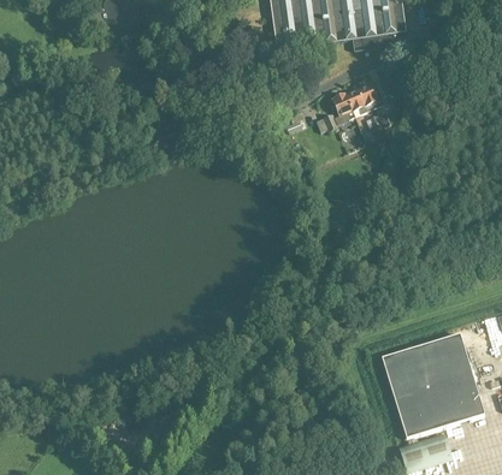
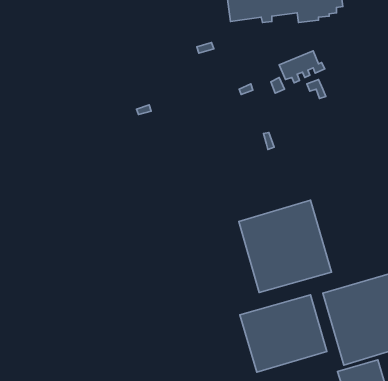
building: none -> [239,200,331,292]
building: none -> [240,295,327,372]

